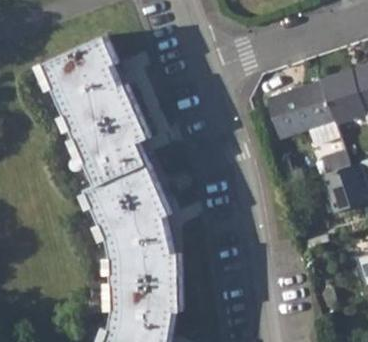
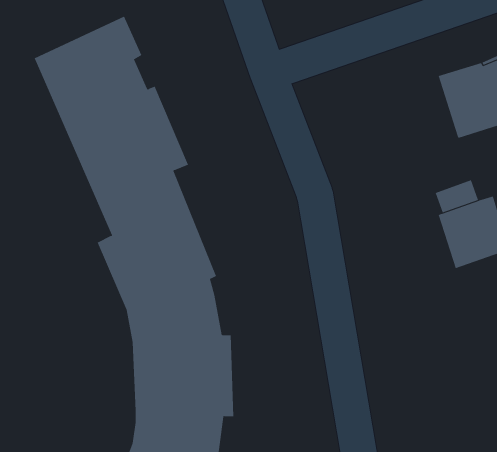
building: [267,76,340,141] -> none

